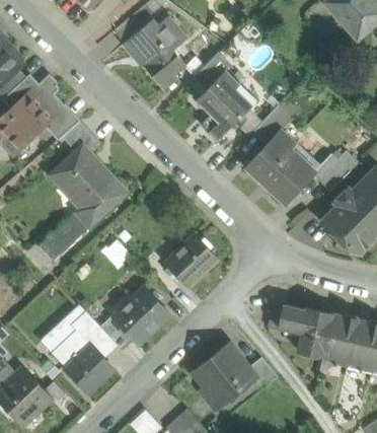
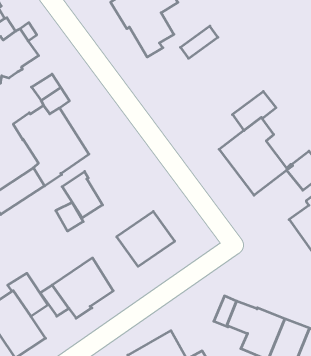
building: [196,70,253,141] -> none
building: [47,105,79,139] -> none
building: none -> [62,171,103,218]

